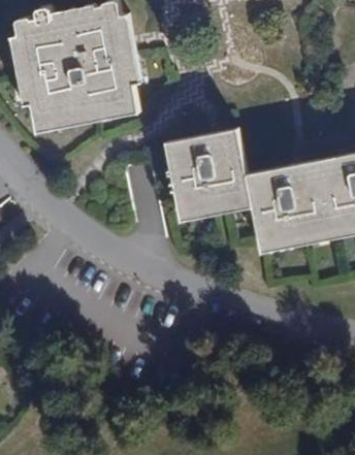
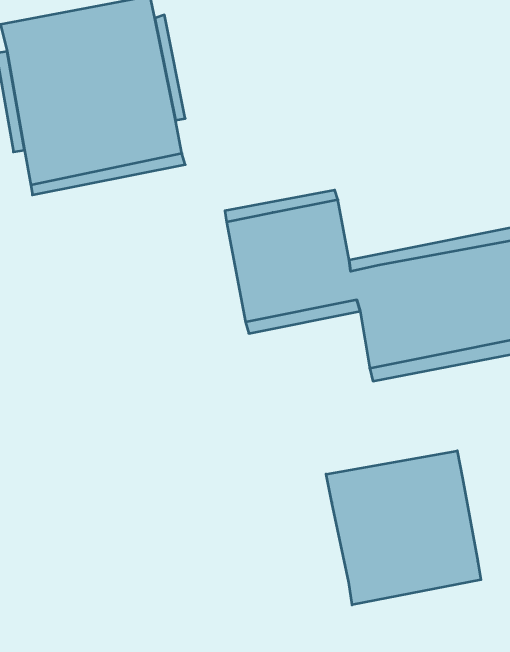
building: none -> [326,451,481,605]

